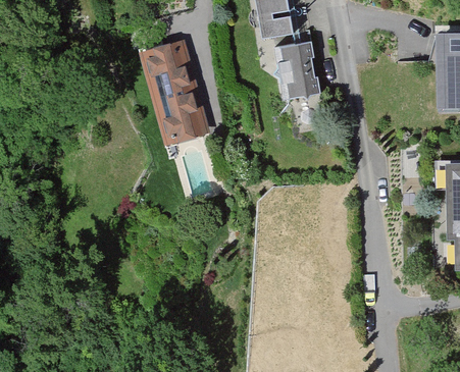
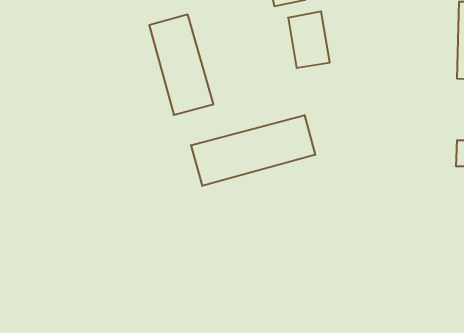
building: none -> [191,115,315,186]

